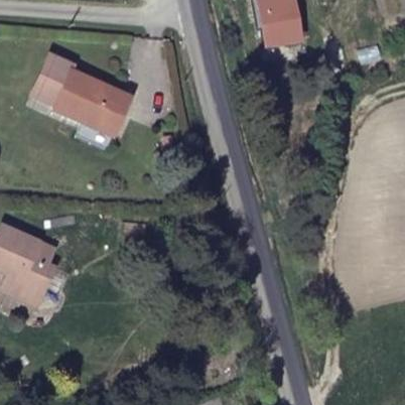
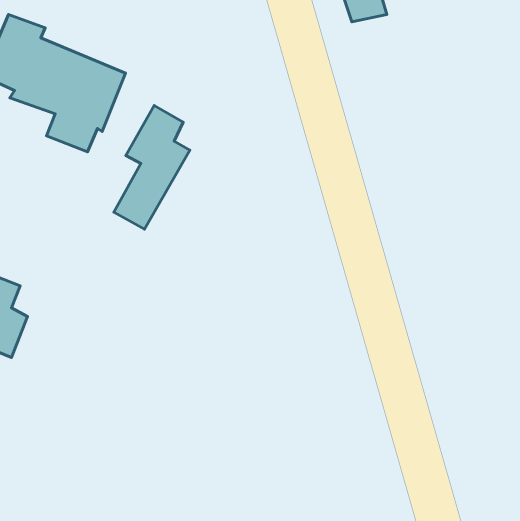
building: none -> [114,105,190,229]

